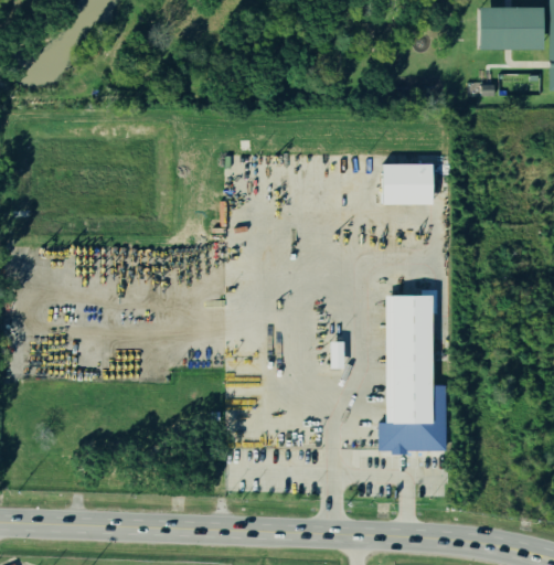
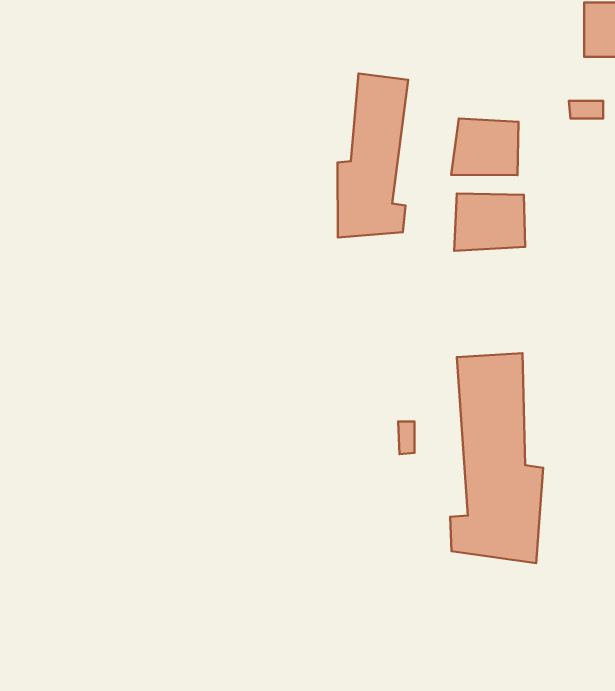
building: none -> [337,74,408,238]
building: none -> [451,119,519,175]

